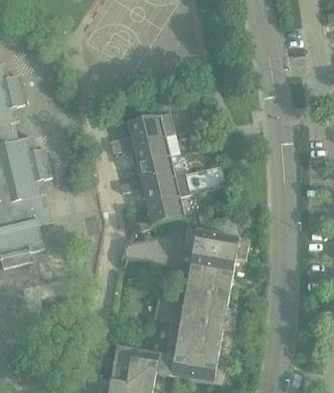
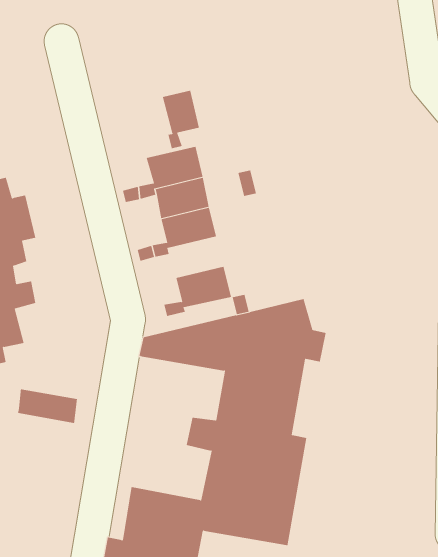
building: none -> [162,90,200,149]
building: [142,174,180,202] -> none
building: none -> [18,388,78,424]

